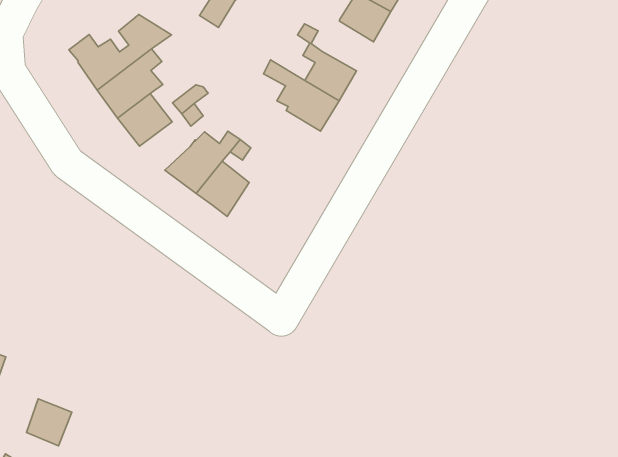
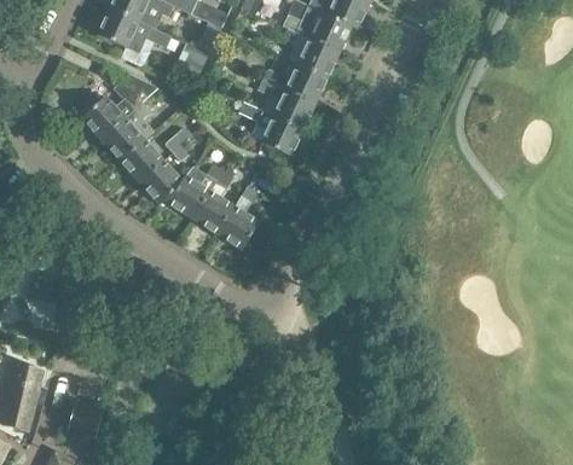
building: none -> [284,63,326,103]
building: none -> [139,159,181,204]
building: none -> [218,185,260,250]

